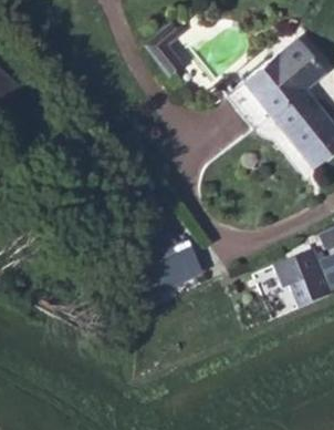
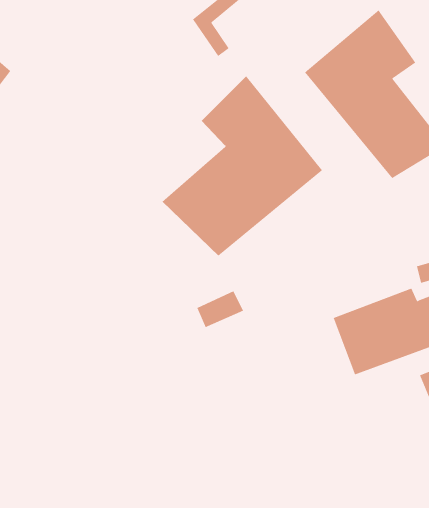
building: none -> [161,76,323,256]

